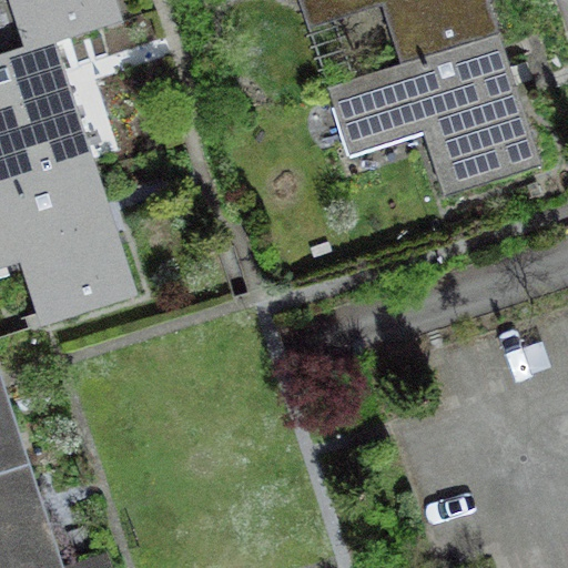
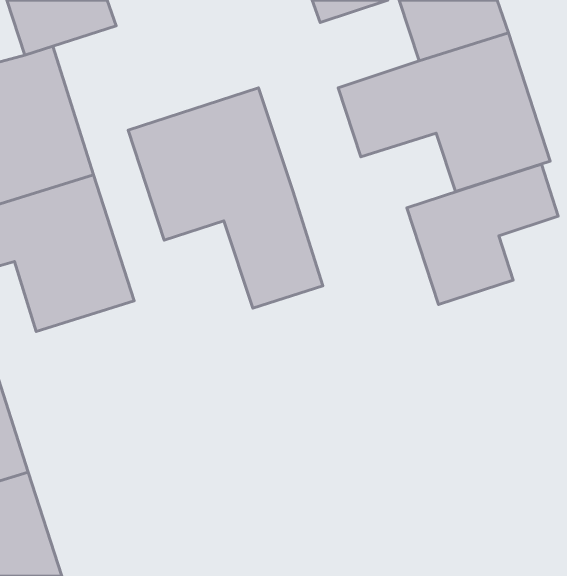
building: none -> [128,88,323,308]
building: none -> [407,164,558,305]

